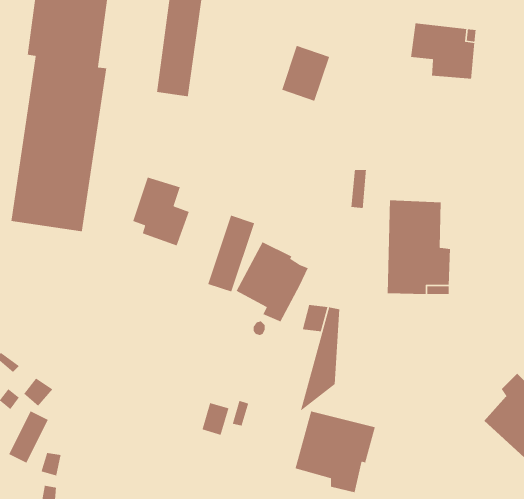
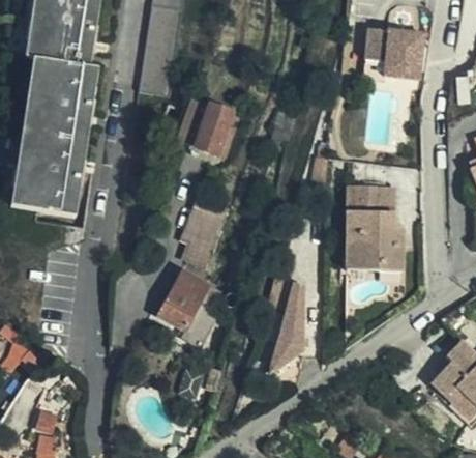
building: [281,45,330,102] -> [195,105,238,155]
building: [132,176,190,246] -> none
building: [235,241,309,323] -> [159,270,225,343]
building: [294,411,376,493] -> none

